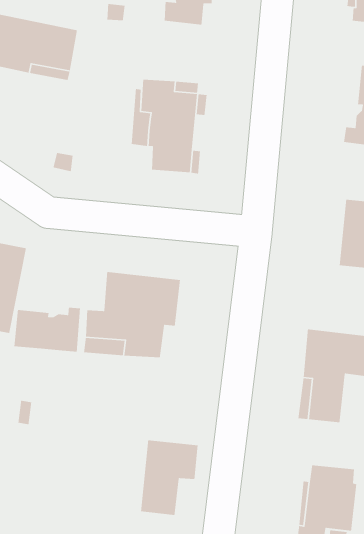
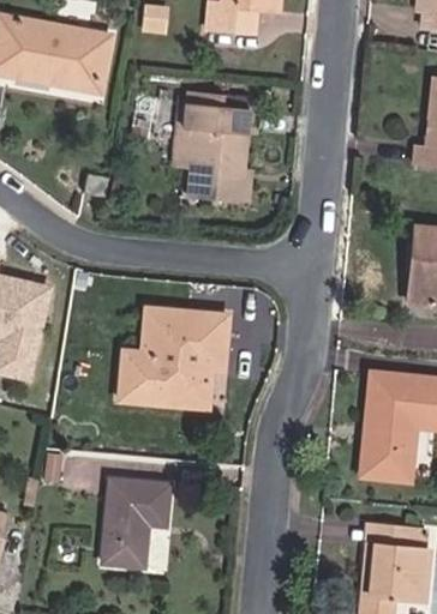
building: [14,307,81,352] -> none
building: [140,439,198,516] -> [102,480,168,566]

